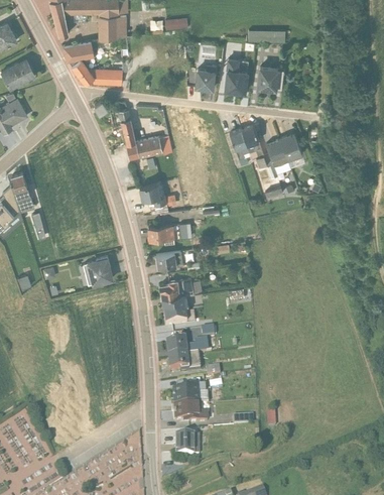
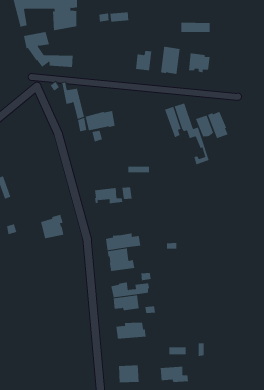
building: [138,183,167,214] -> none
building: [154,251,182,268] -> none
building: [173,401,208,420] -> [160,366,189,382]

